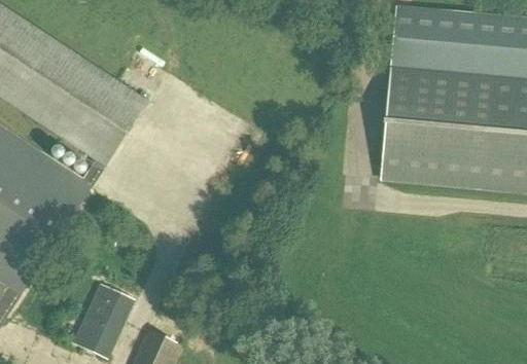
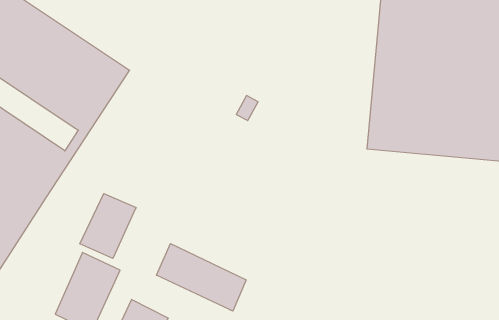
building: none -> [80,194,136,258]
building: none -> [156,244,246,311]

